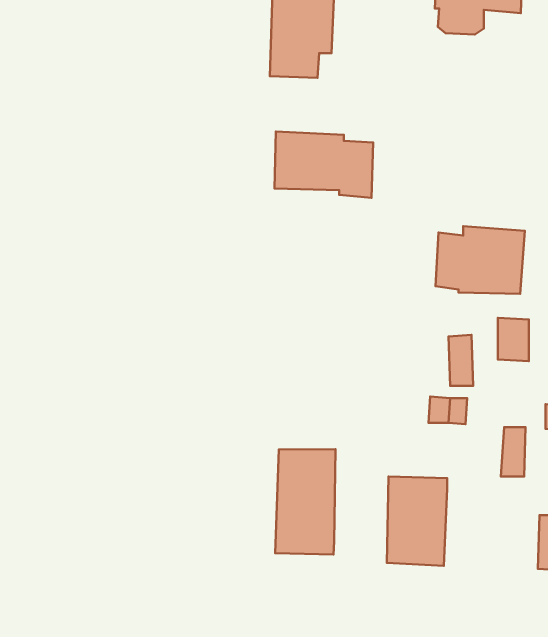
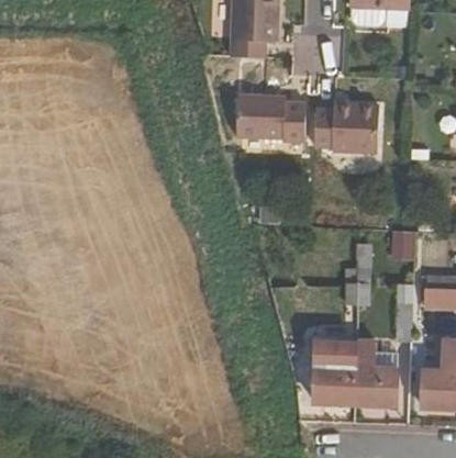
building: [435,226,525,294] -> [313,102,377,150]
building: [275,449,335,555] -> none
building: none -> [354,349,397,406]

